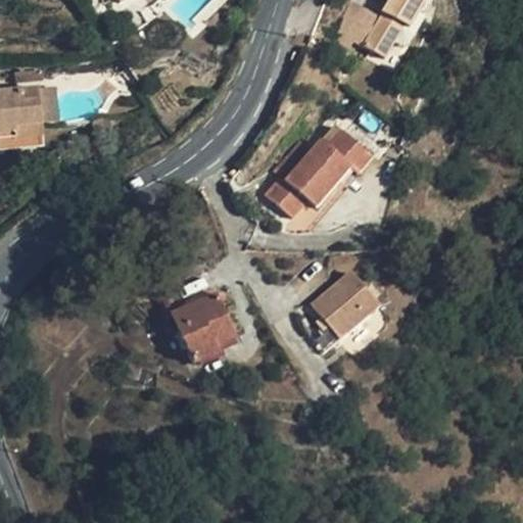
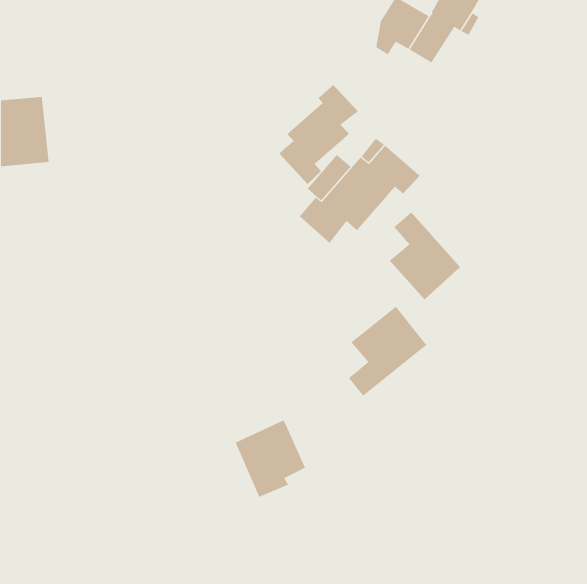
building: none -> [278,84,359,185]
building: none -> [389,211,461,300]
building: [172,292,235,362] -> [235,419,306,498]

